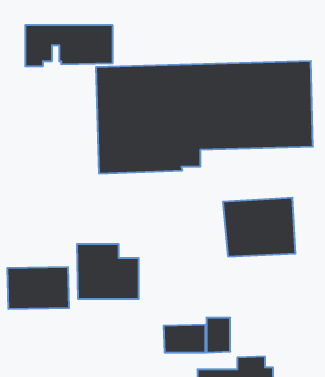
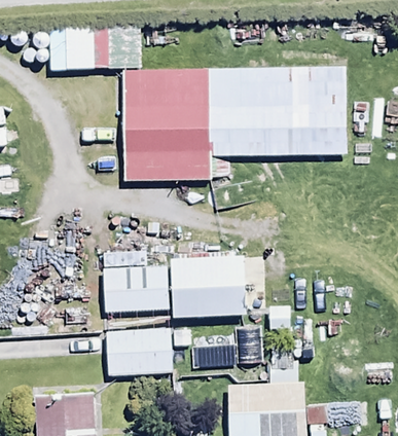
building: [223,198,296,256] -> [170,255,245,316]
building: [7,267,69,309] -> [107,331,171,374]

